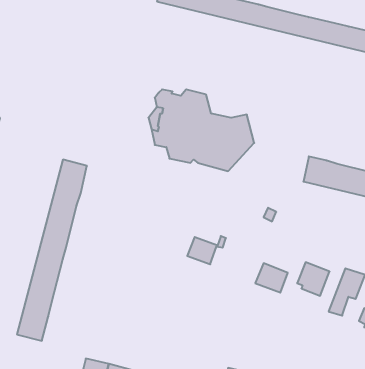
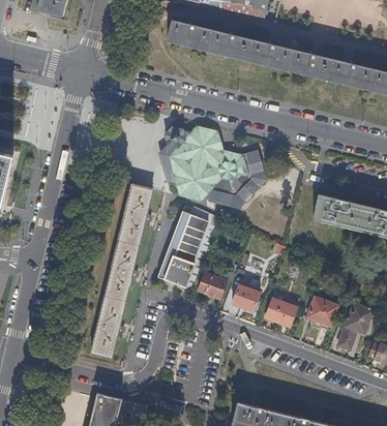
building: [17,160,87,341] -> [85,180,154,359]
building: none -> [156,208,220,293]
building: none -> [233,286,261,312]

